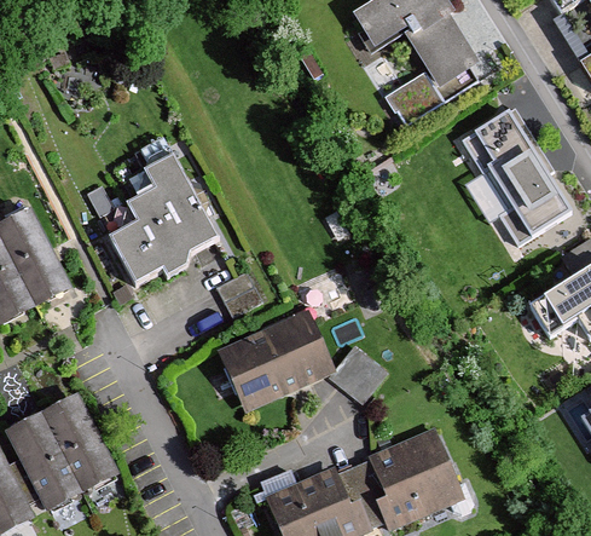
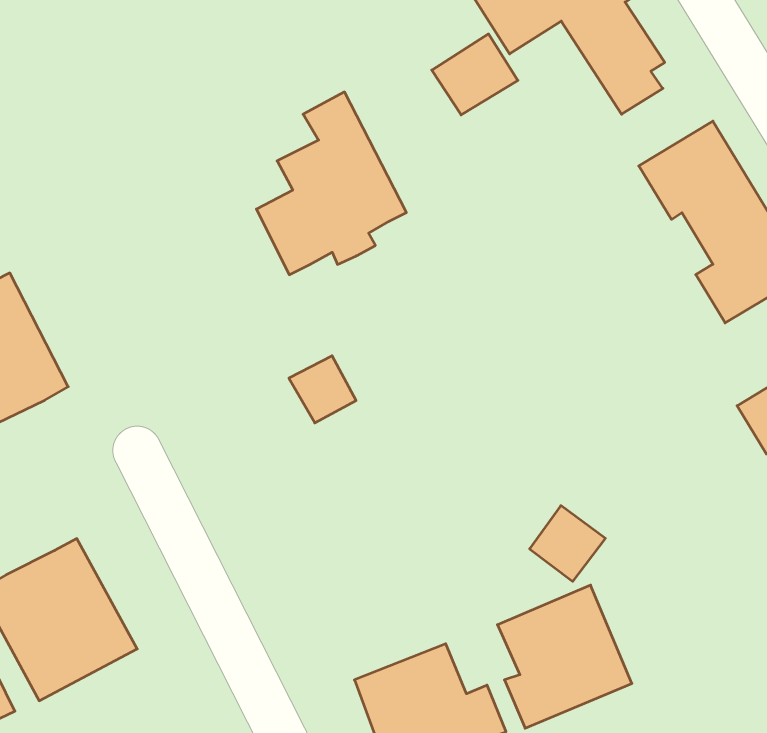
building: [388,67,448,123] -> [432,34,518,115]
building: [106,156,212,284] -> [256,92,406,275]
building: [214,316,325,410] -> none
building: [332,347,386,400] -> [530,506,605,581]

